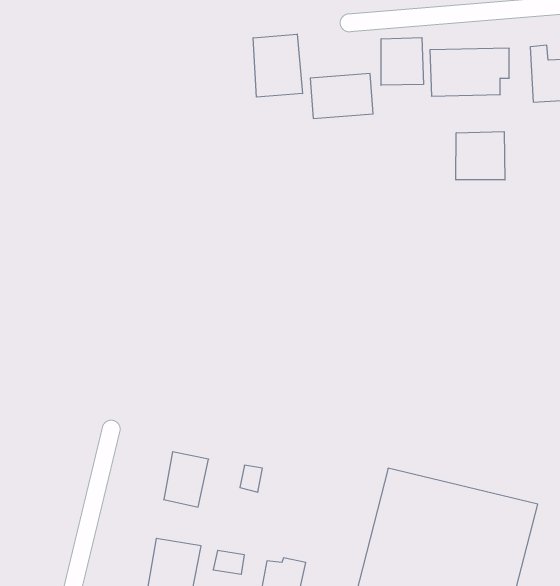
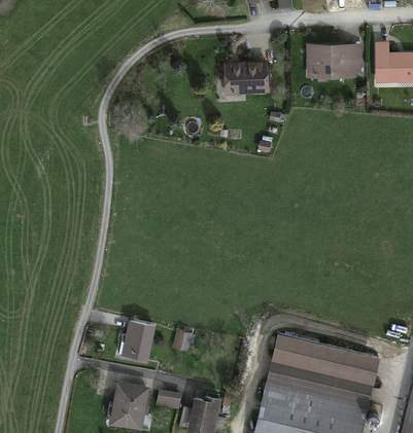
building: [253,34,302,97] -> none
building: [381,38,423,85] -> none
building: [456,132,505,180] -> none

